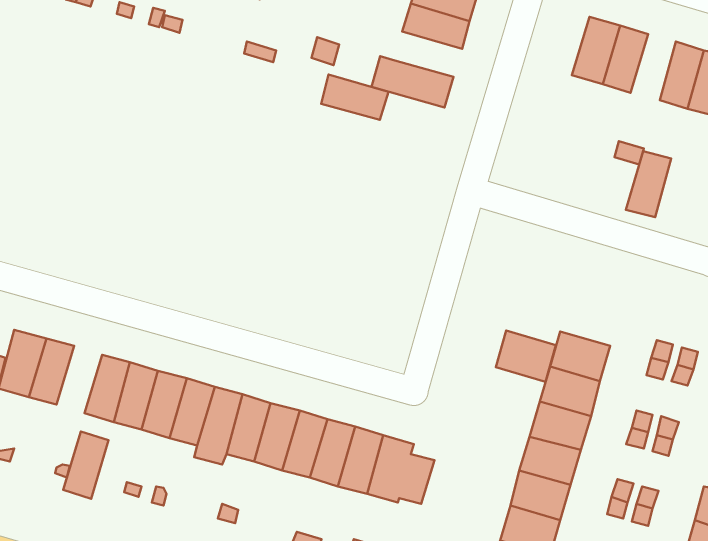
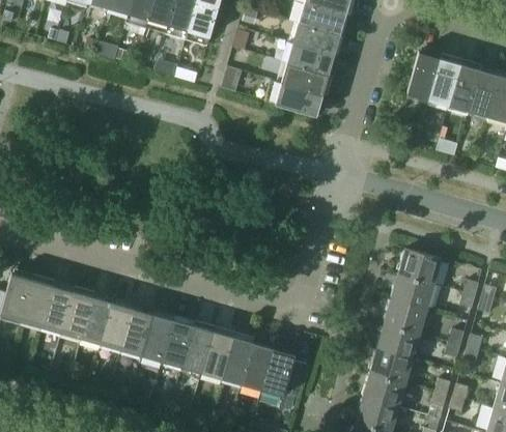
building: [321,74,389,120] -> [281,62,329,94]
building: [626,151,671,217] -> [448,64,480,111]
building: [496,331,556,382] -> [398,249,441,285]
building: [63,431,109,499] -> [41,285,74,333]

